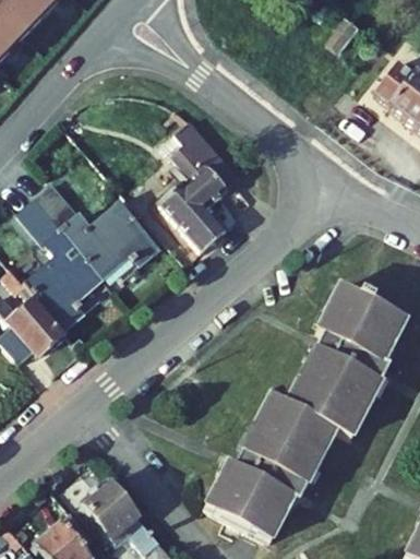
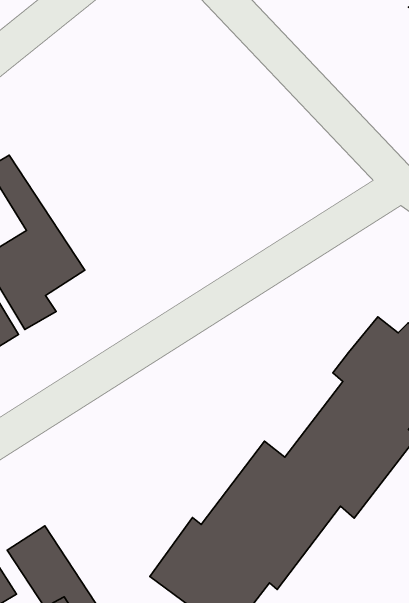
building: [164,117,247,250] -> none
building: [36,188,169,283] -> none

